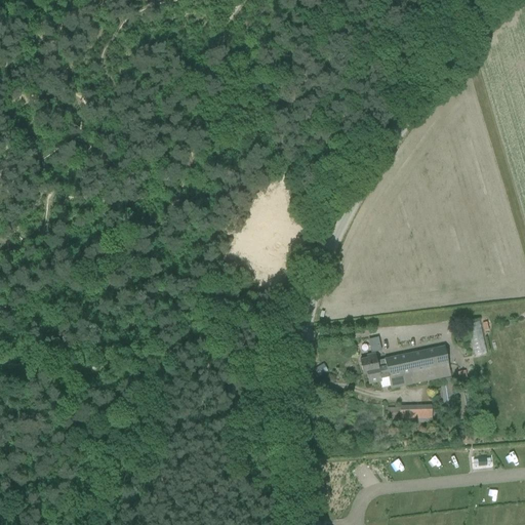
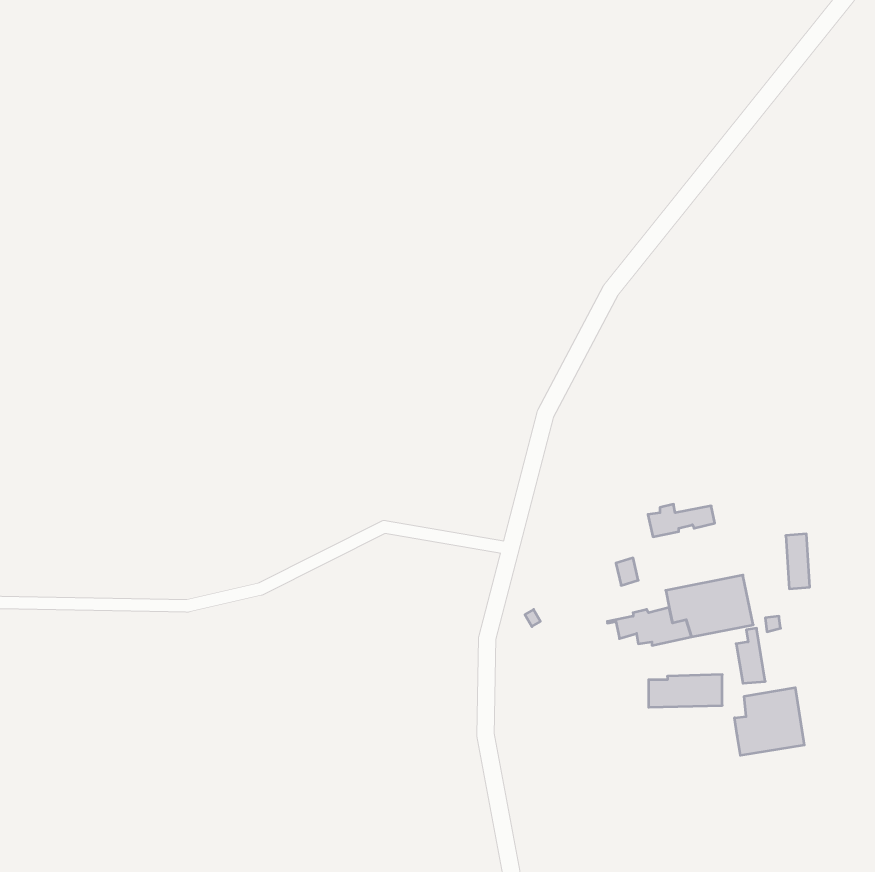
building: [361,352,401,371] -> [648,504,715,537]
building: none -> [735,688,804,755]

